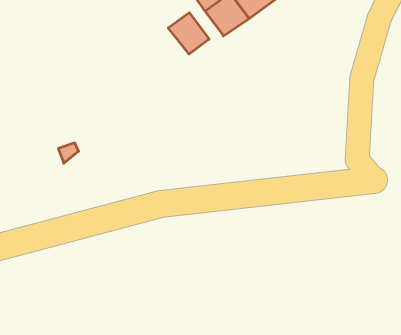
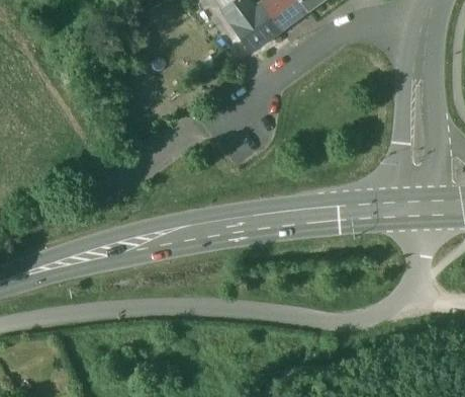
building: [168,13,209,54] -> none

